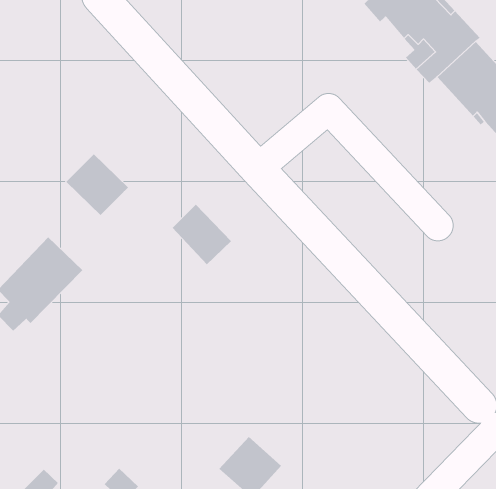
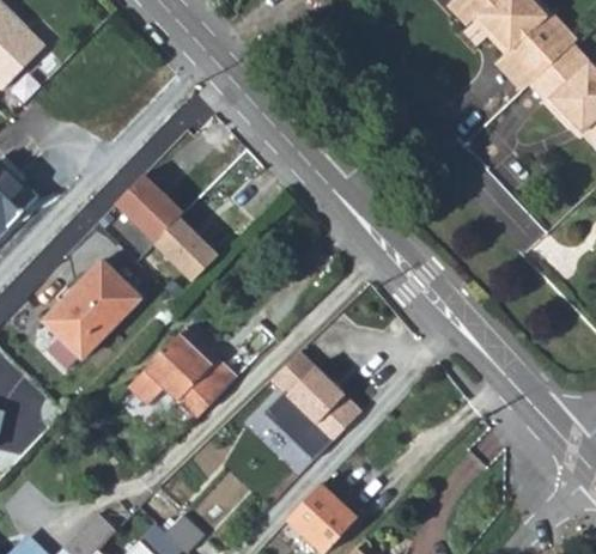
building: [172,204,232,265] -> [159,213,225,280]
building: none -> [127,334,232,416]
building: none -> [262,352,360,463]

